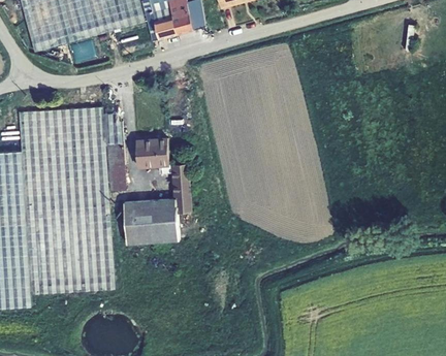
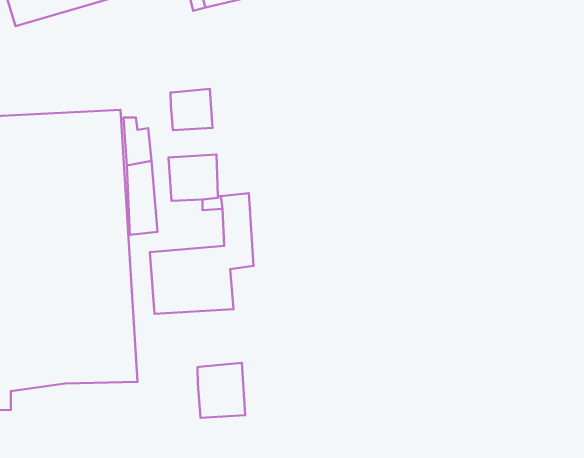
building: none -> [170,89,212,130]
building: none -> [197,363,245,418]

